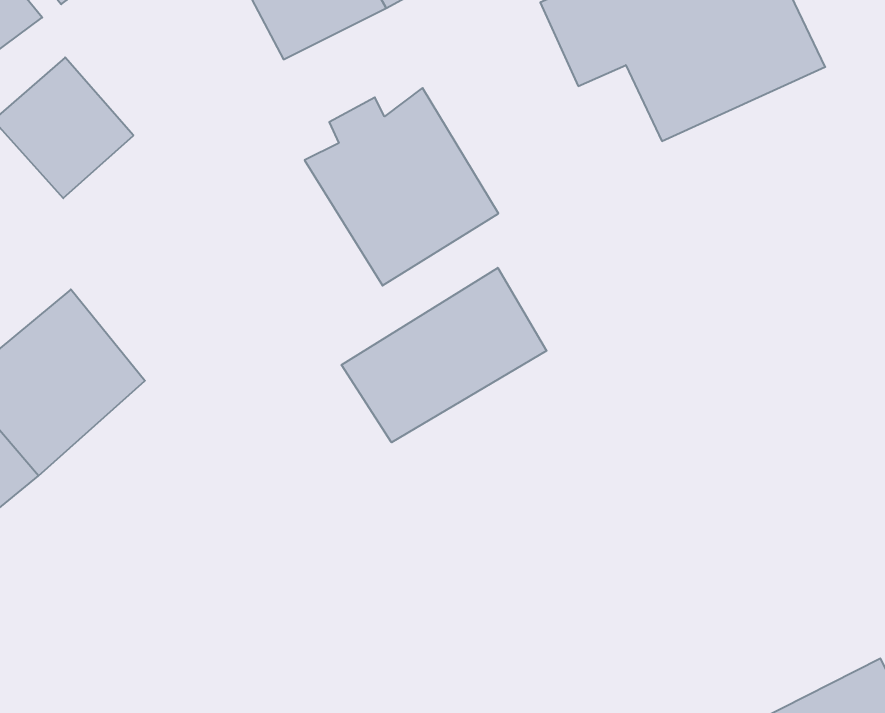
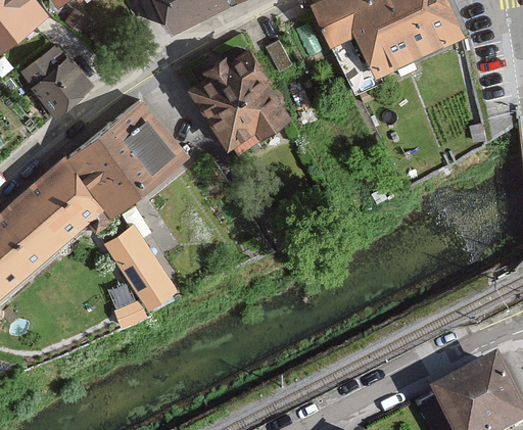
building: none -> [67,98,188,218]
building: [342,268,547,442] -> none
building: none -> [102,218,181,321]

